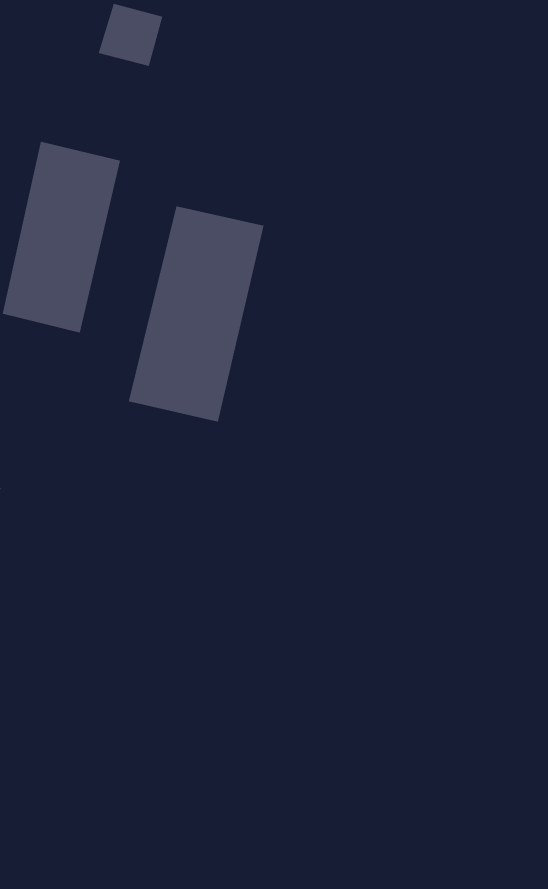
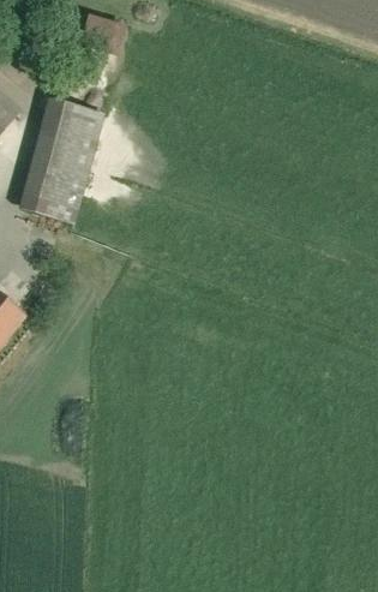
building: [128,205,264,422] -> none

